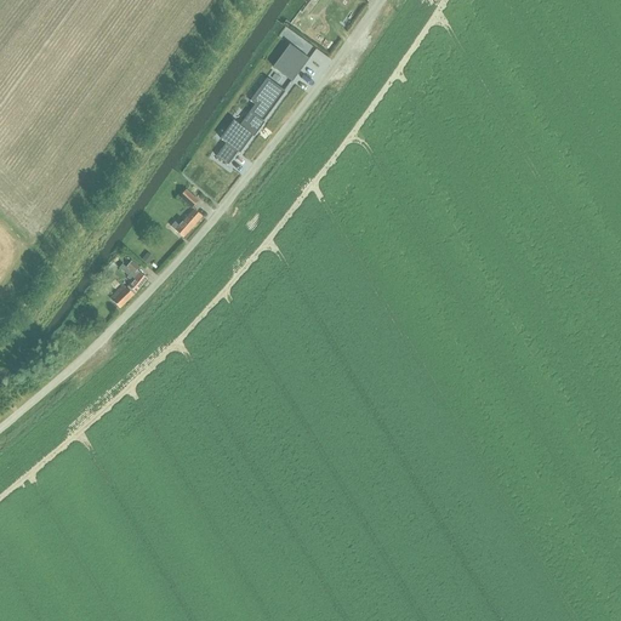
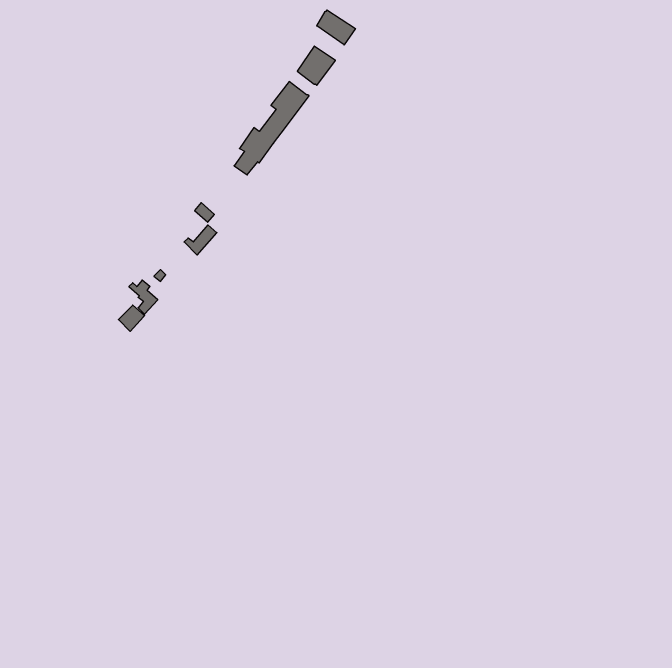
building: none -> [317,10,355,45]

